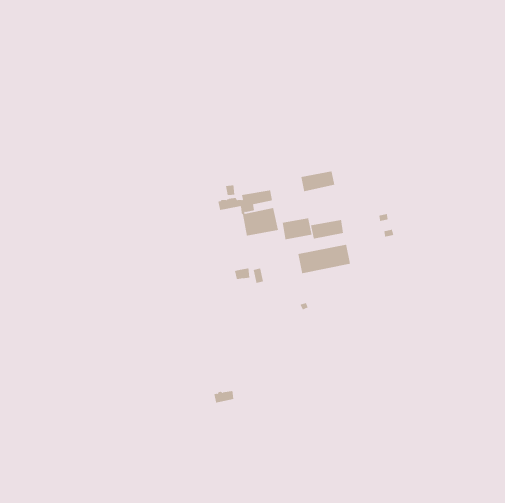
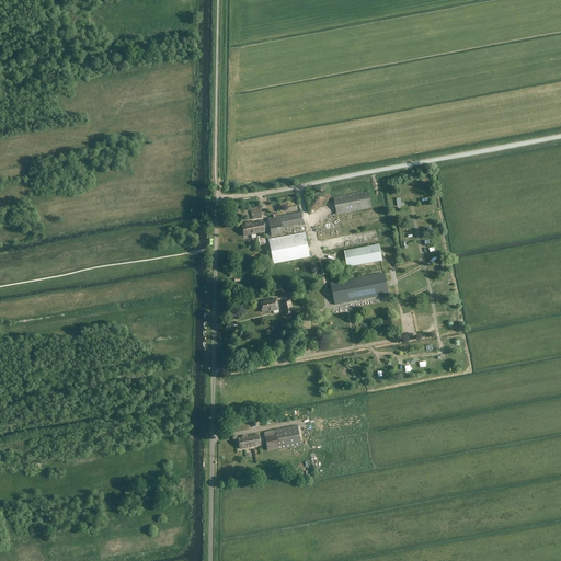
building: [282,218,312,240] -> none
building: none -> [263,424,300,448]

